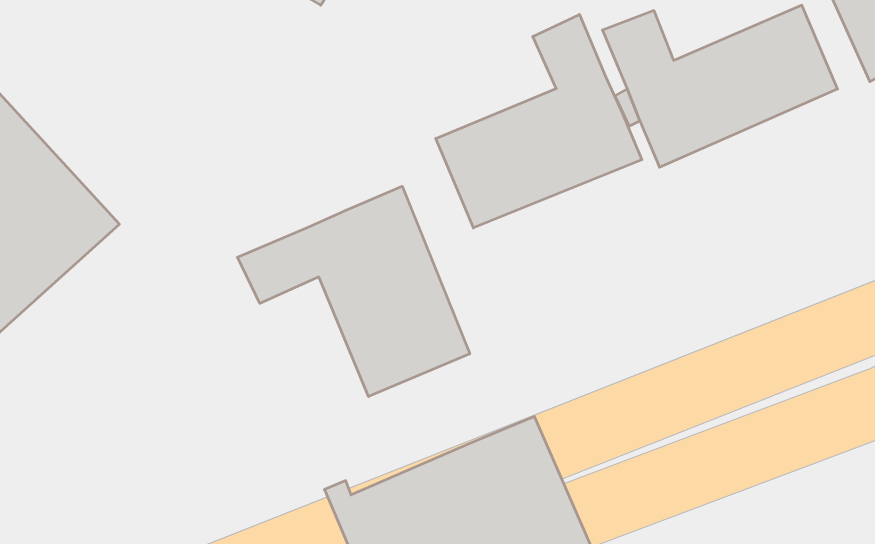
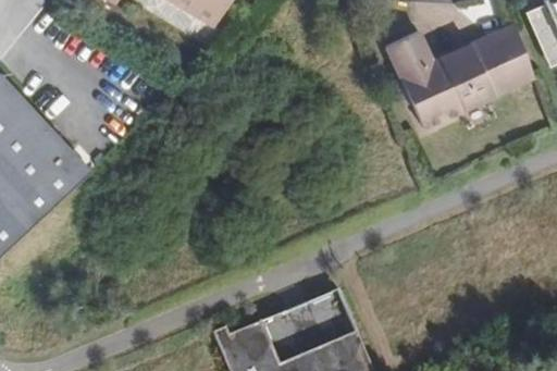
building: [436,14,642,228] -> none
building: [237,186,470,397] -> none

